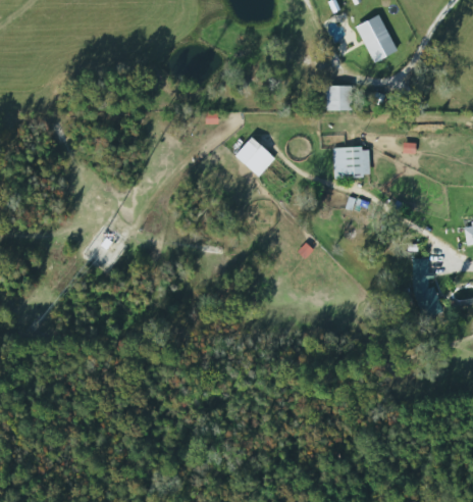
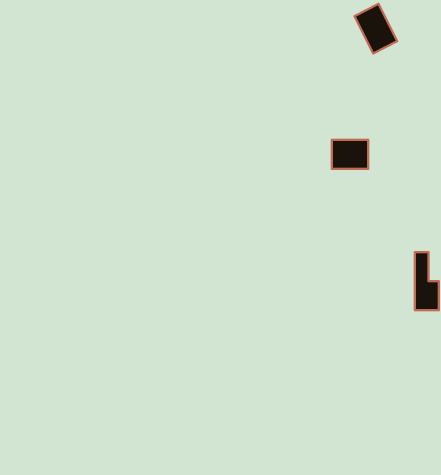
building: [326,85,352,110] -> none
building: [235,136,275,175] -> none

